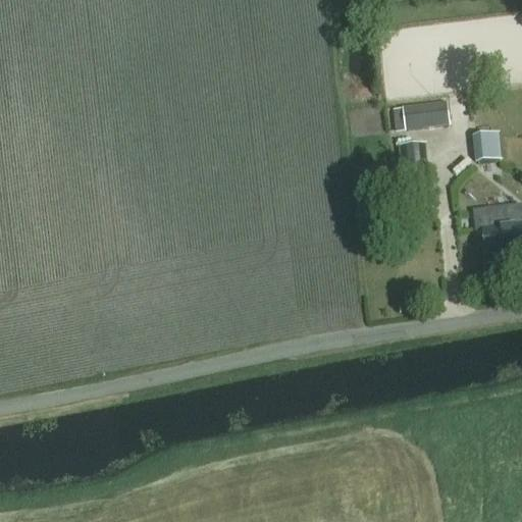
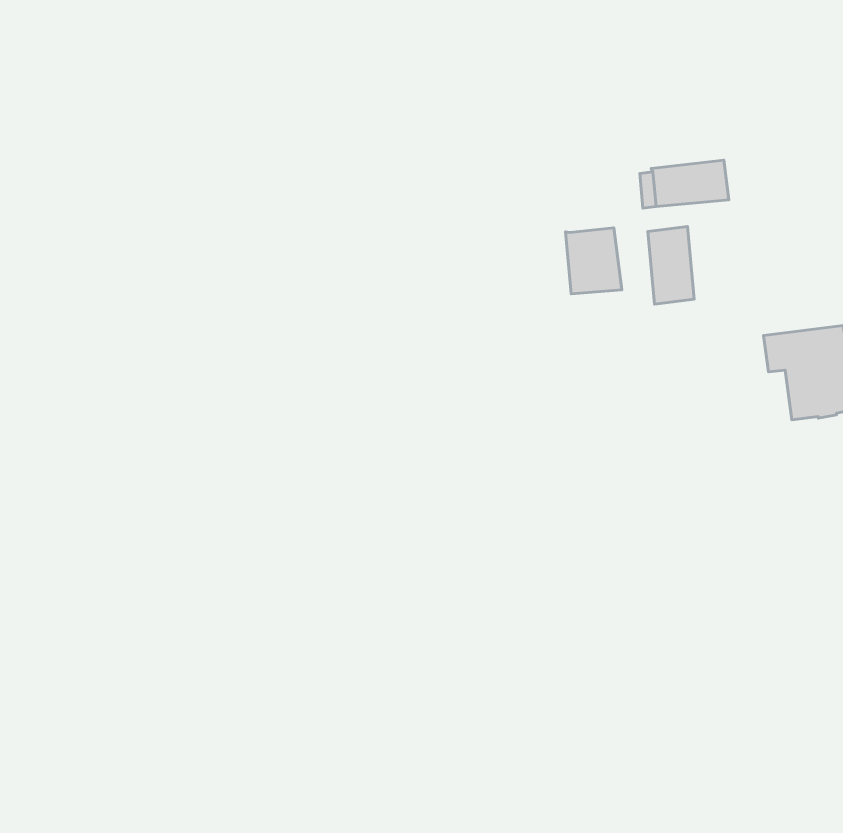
building: [472,132,502,161] -> none
building: none -> [565,228,622,294]

